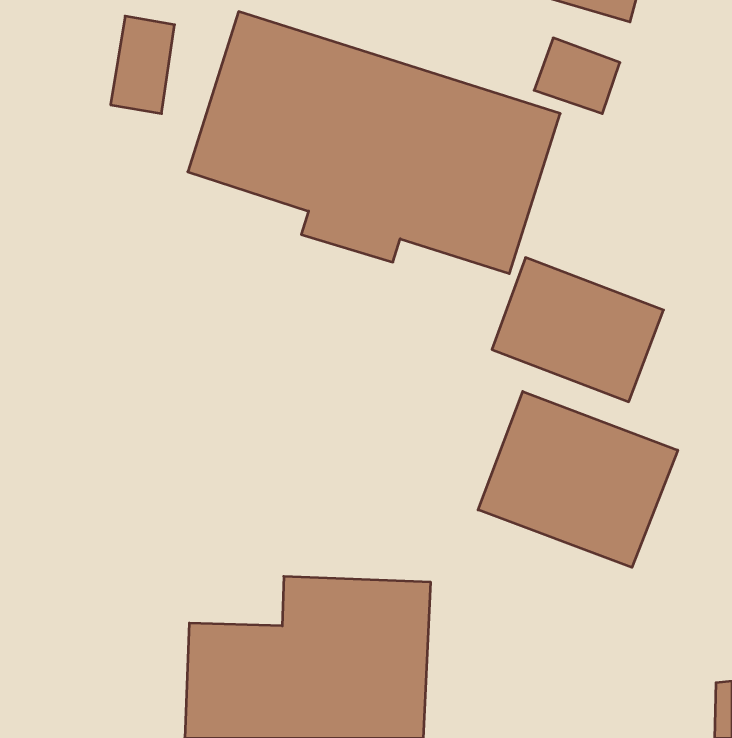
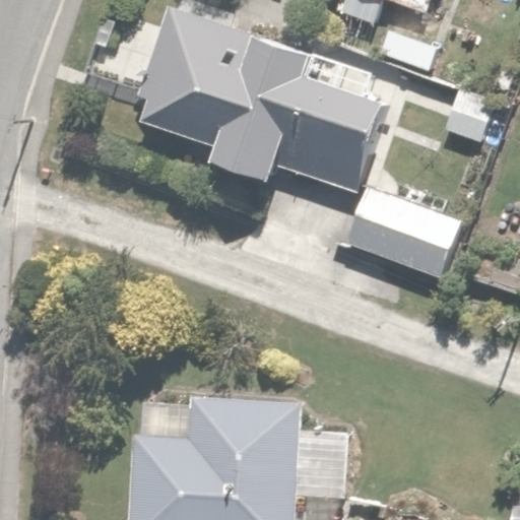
building: [478,391,678,567] -> none

